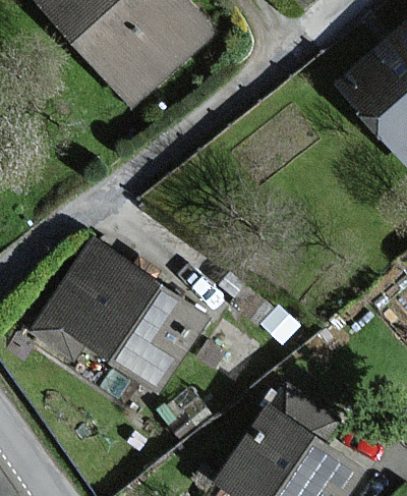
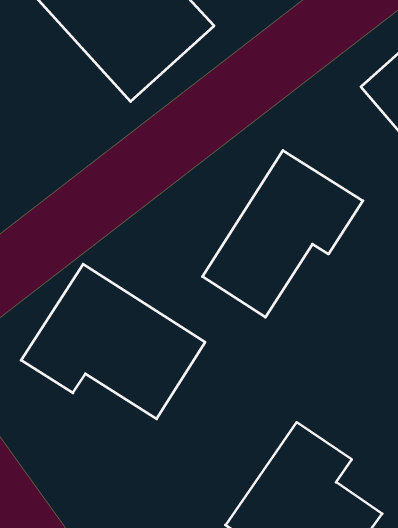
building: none -> [202,150,363,317]

